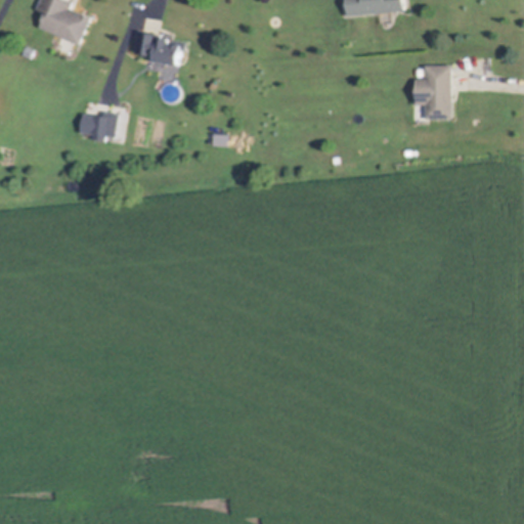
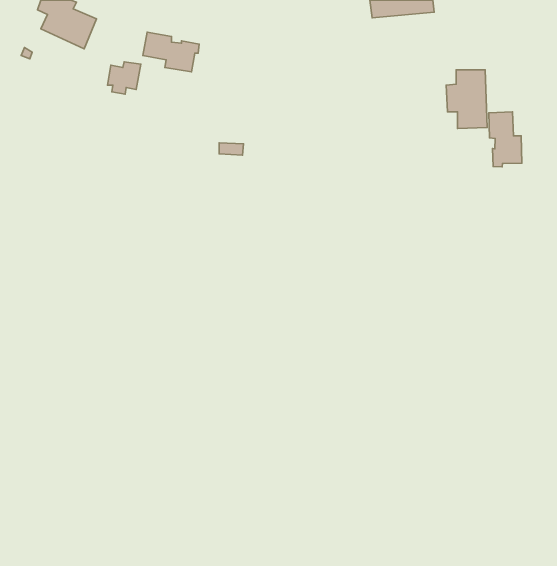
building: none -> [489,112,522,167]
building: [86,111,117,140] -> [107,62,141,94]

